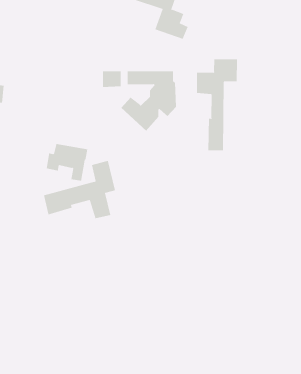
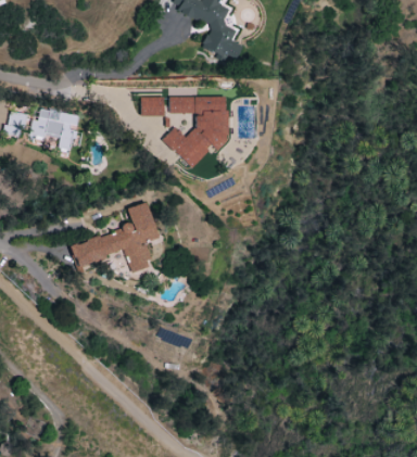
building: [196,59,237,151] -> none
building: [46,144,88,181] -> [29,109,79,153]

